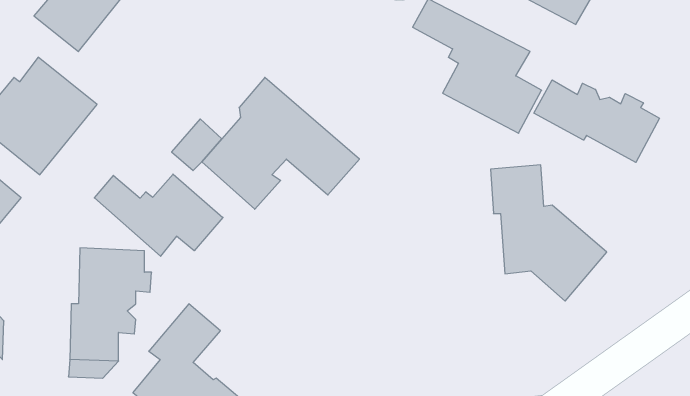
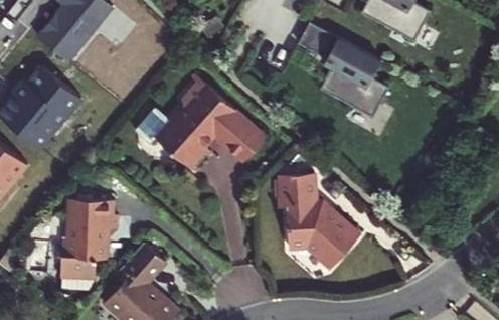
building: [534,80,659,162] -> none
building: [491,165,607,301] -> [276,171,357,267]
building: [94,174,223,256] -> none

